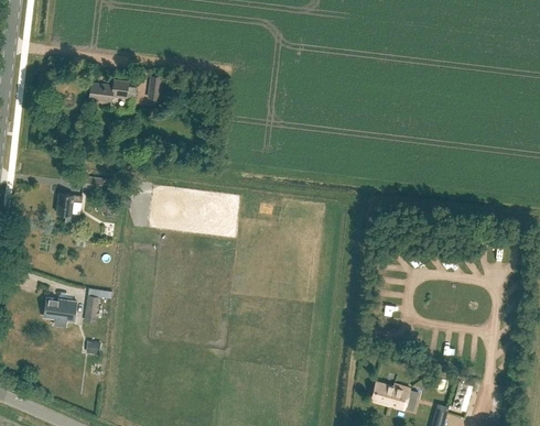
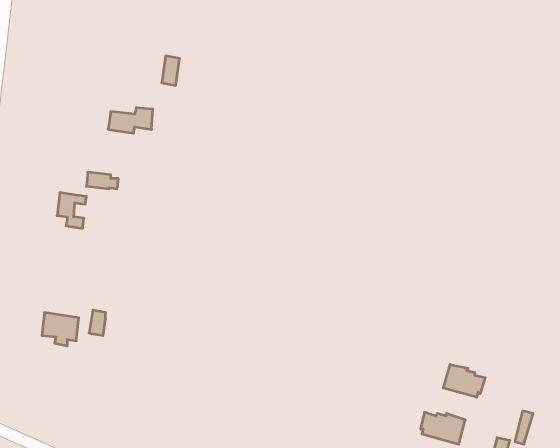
building: [89,79,128,101] -> [108,108,153,133]
building: none -> [443,364,485,397]

